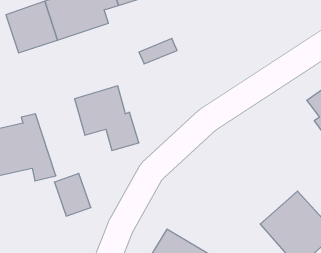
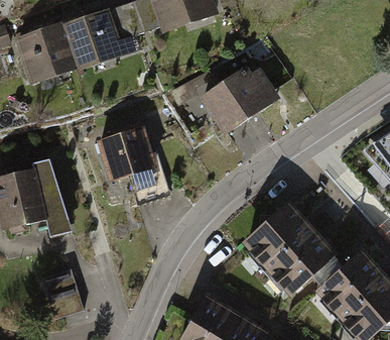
building: none -> [198,66,278,137]
building: none -> [243,203,332,293]
building: [54,174,91,216] -> [43,267,87,318]

